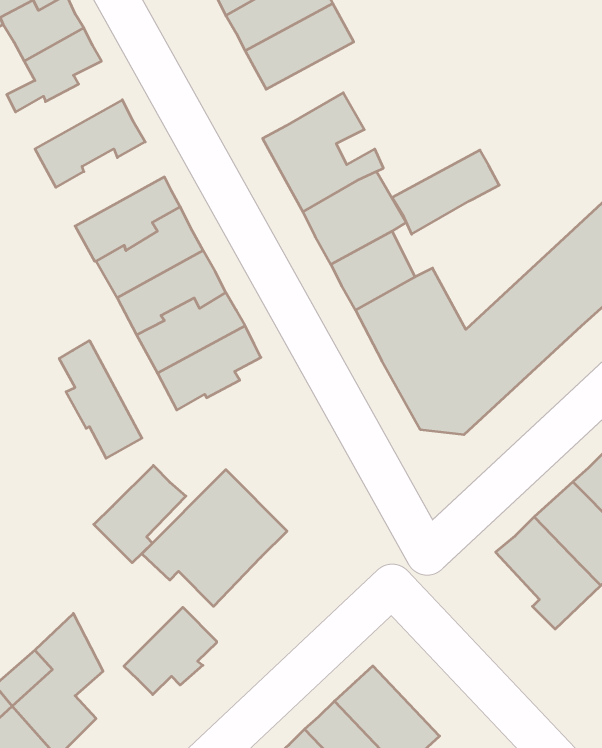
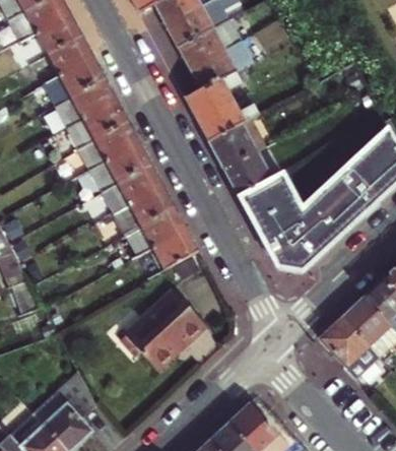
building: none -> [42,52,104,103]
building: none -> [65,99,128,147]
building: [392,150,499,234] -> [187,41,249,89]
building: [59,341,142,458] -> none
building: none -> [152,223,198,267]
building: [94,465,186,563] -> none
building: [124,607,217,695] -> none

